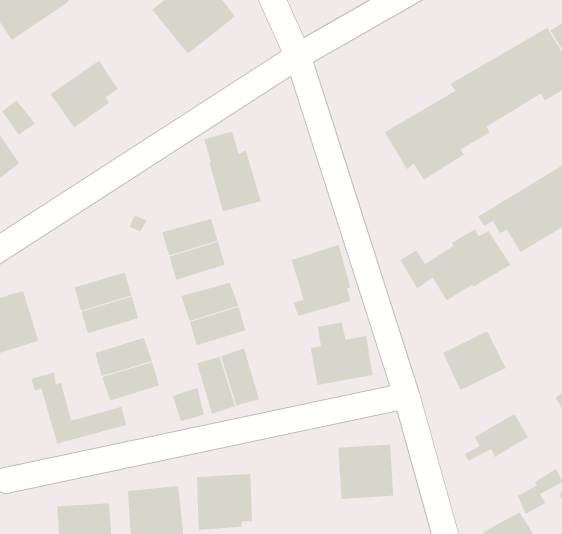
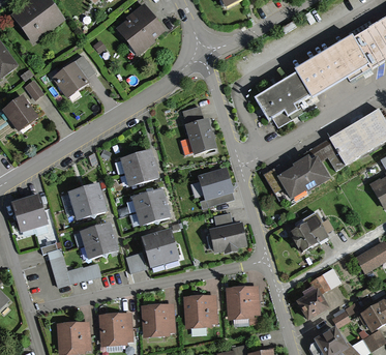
building: [203,131,262,212] -> [182,106,217,154]
building: none -> [296,289,329,321]
building: none -> [183,295,217,328]

